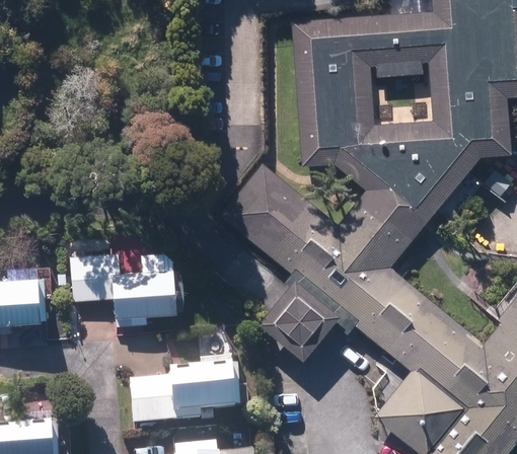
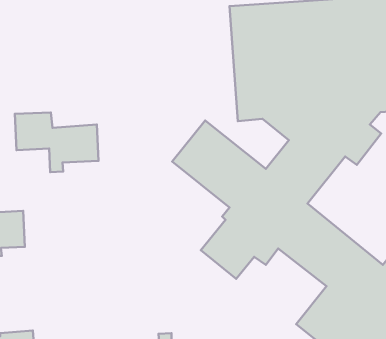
building: [72,252,175,326] -> [15,112,98,172]
building: [130,364,239,425] -> none

